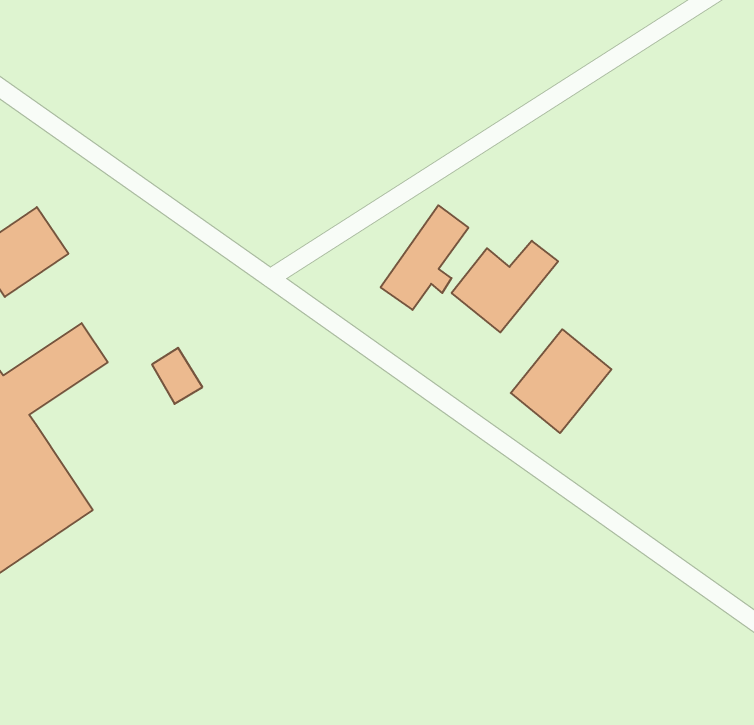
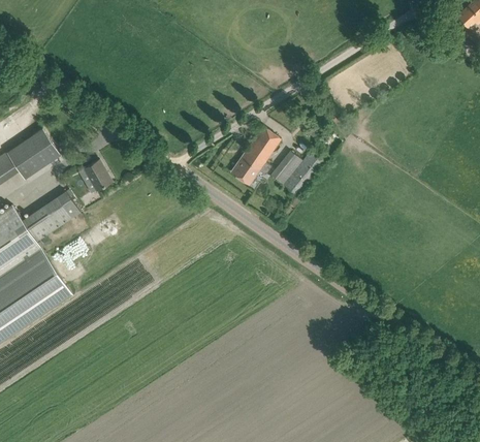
building: [511,329,611,433] -> none
building: [152,348,202,404] -> [83,160,110,191]

